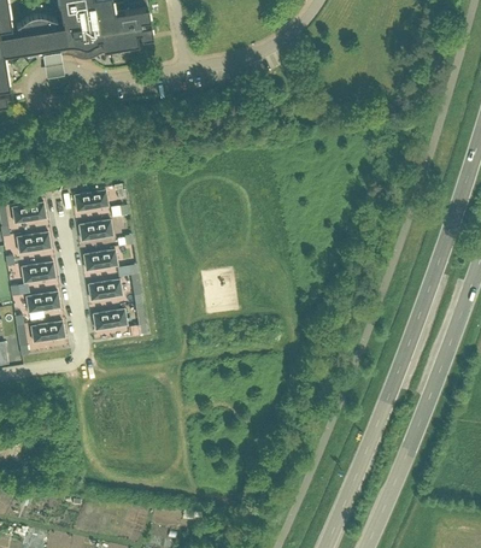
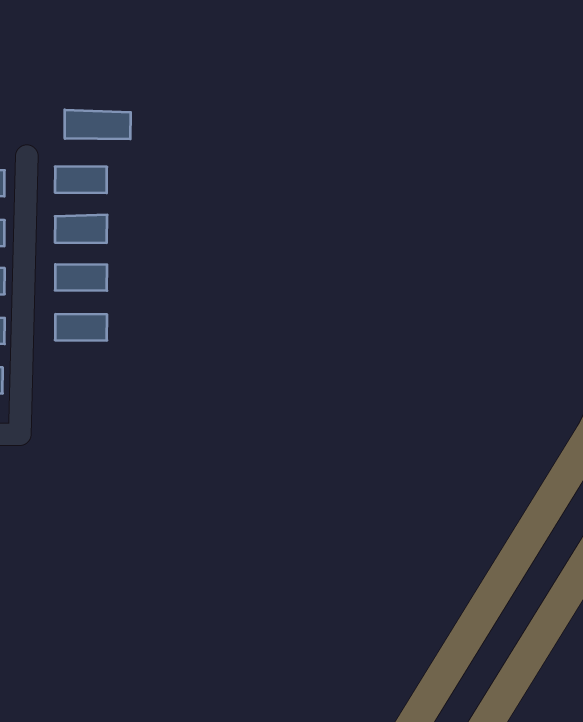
building: none -> [65,110,131,139]
building: [94,308,128,330] -> none

